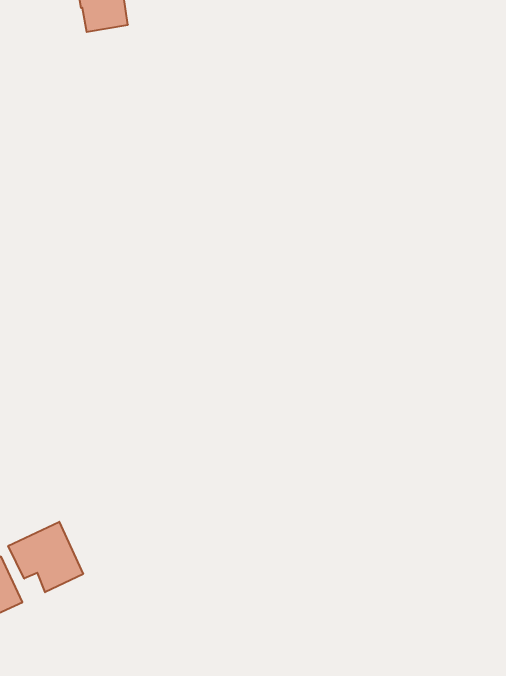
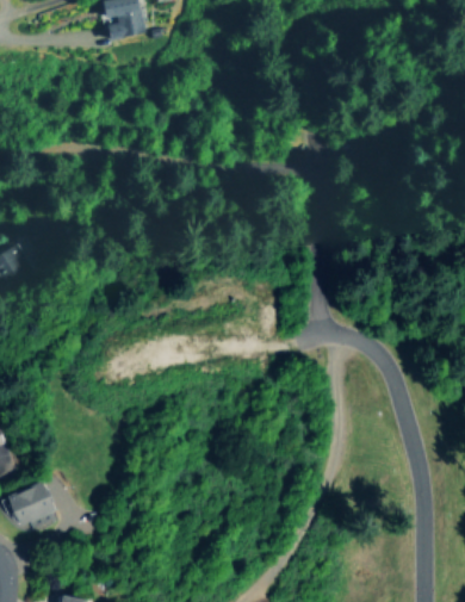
building: [8,522,83,592] -> none

